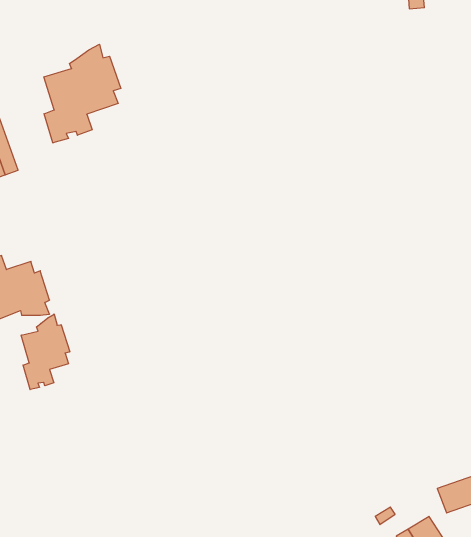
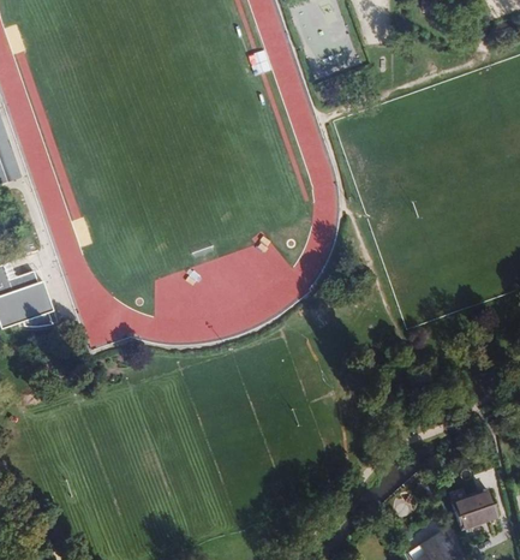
building: [44,44,121,143] -> none
building: [21,314,70,390] -> none

